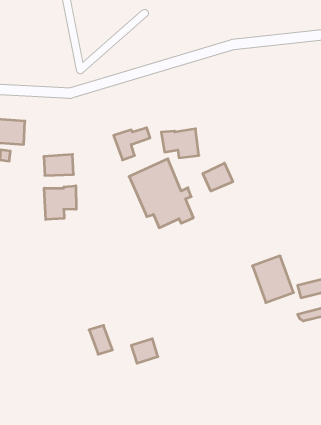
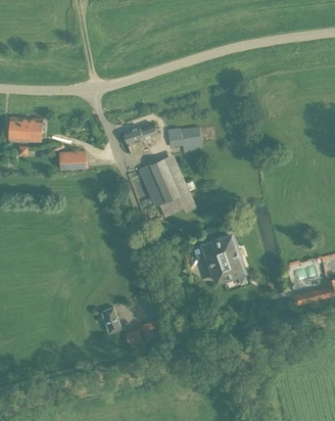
building: [203,163,233,191] -> none
building: [44,186,76,220] -> none
building: [252,256,294,303] -> [204,237,242,280]

